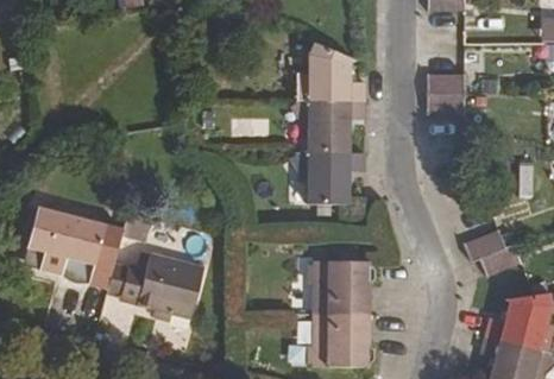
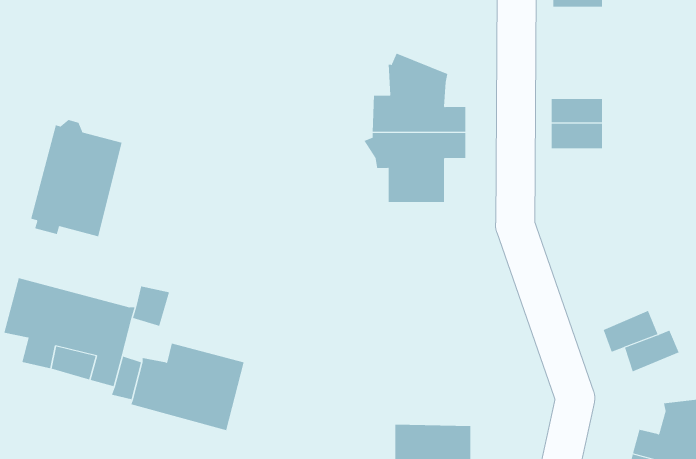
building: none -> [31,119,122,237]
building: [290,152,364,204] -> none
building: [308,260,373,315] -> none

